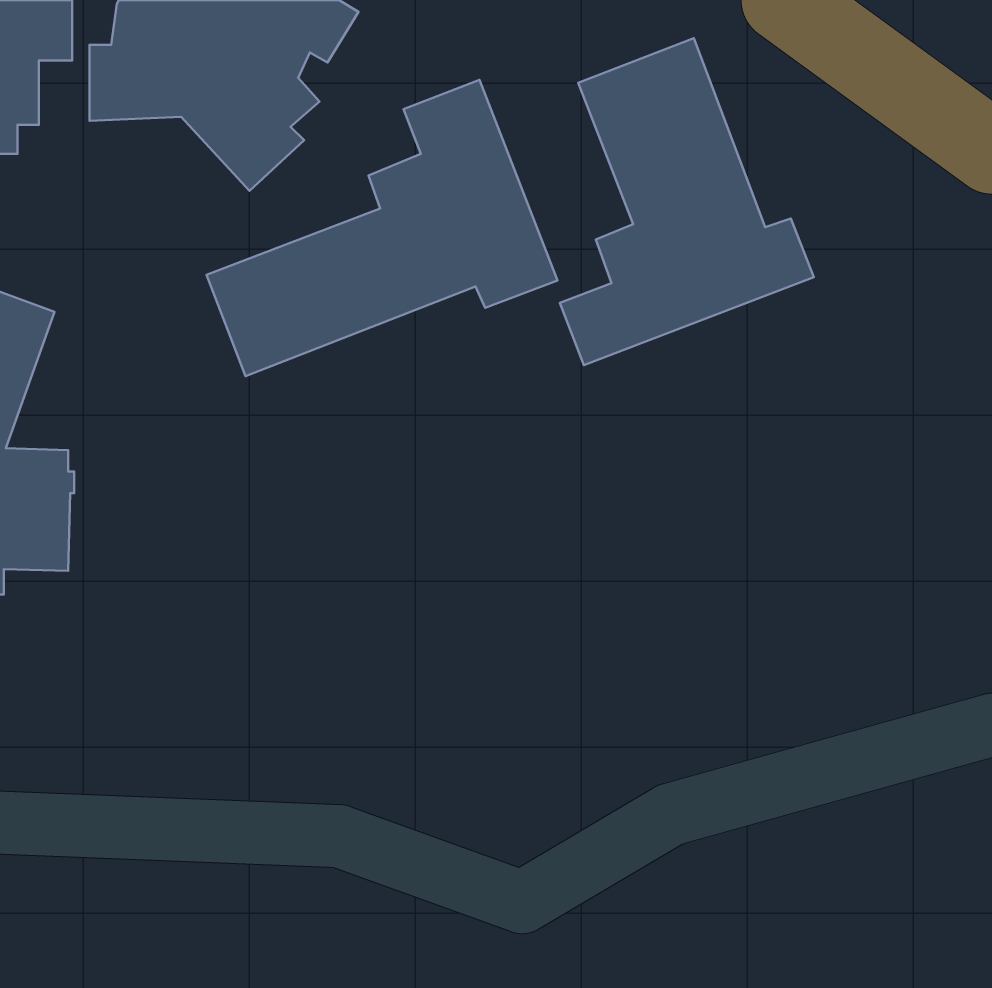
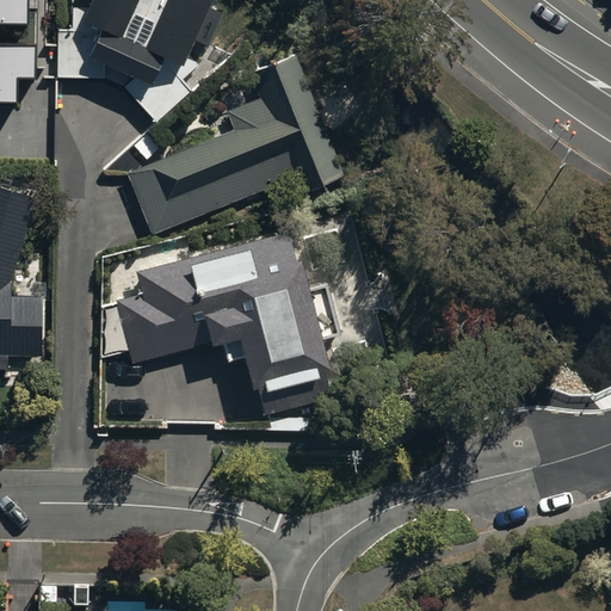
building: [560,38,814,365] -> none
building: none -> [115,229,335,412]

